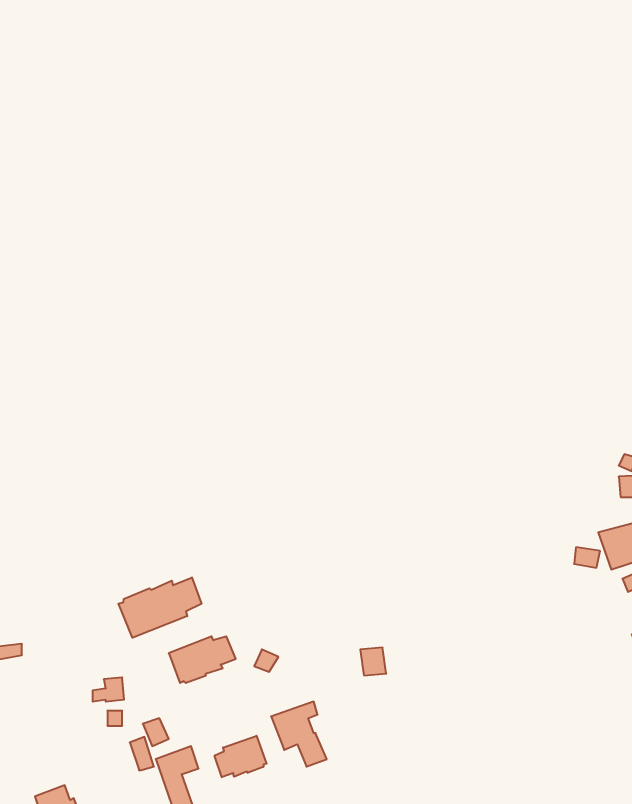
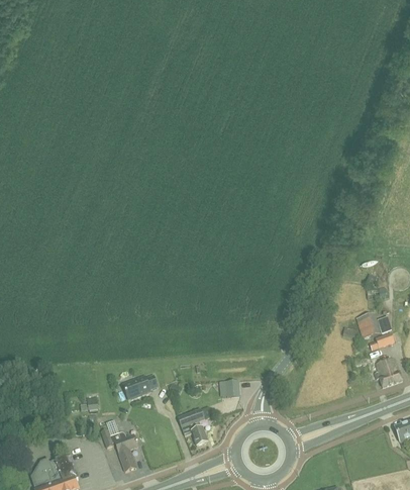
building: [118,577,201,638] -> none
building: [215,736,267,777] -> none

